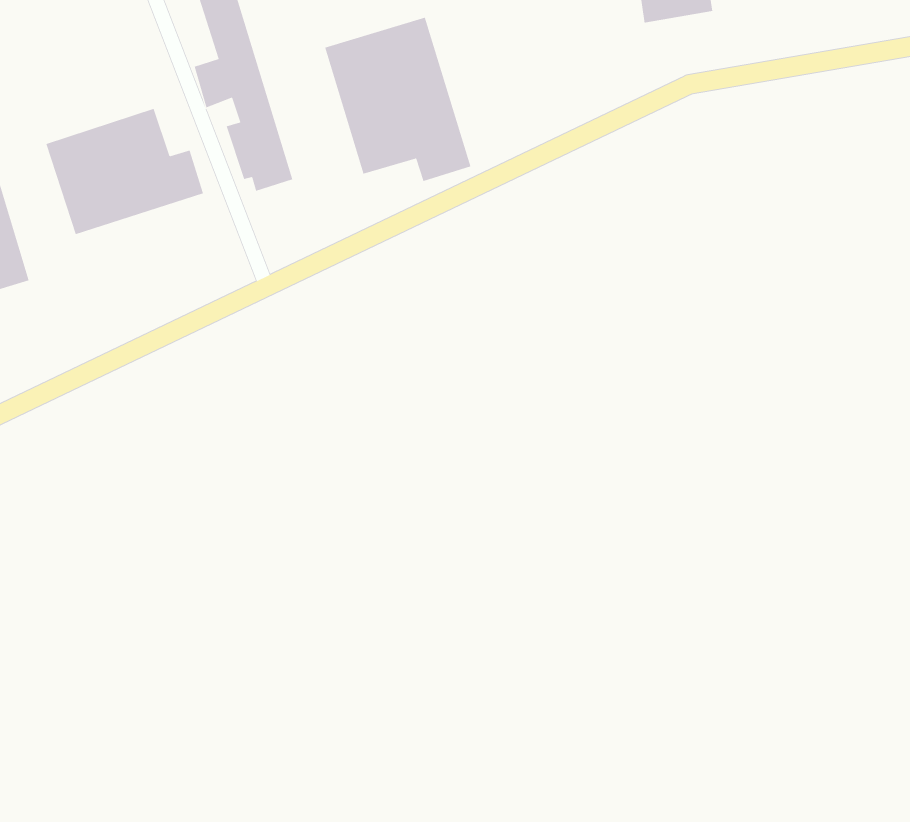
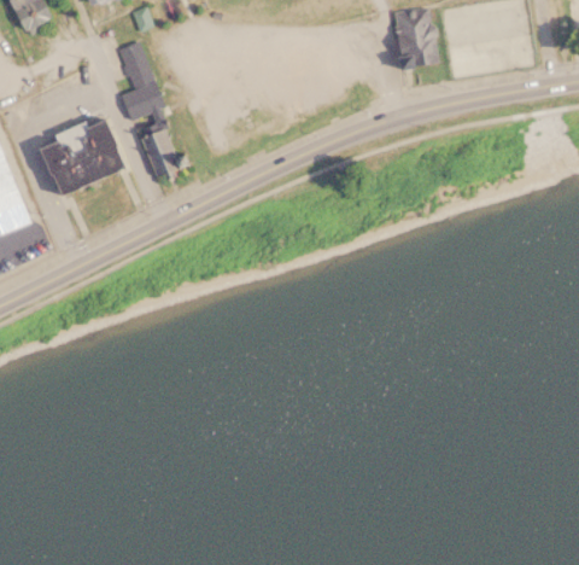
building: [325,17,471,182] -> none

